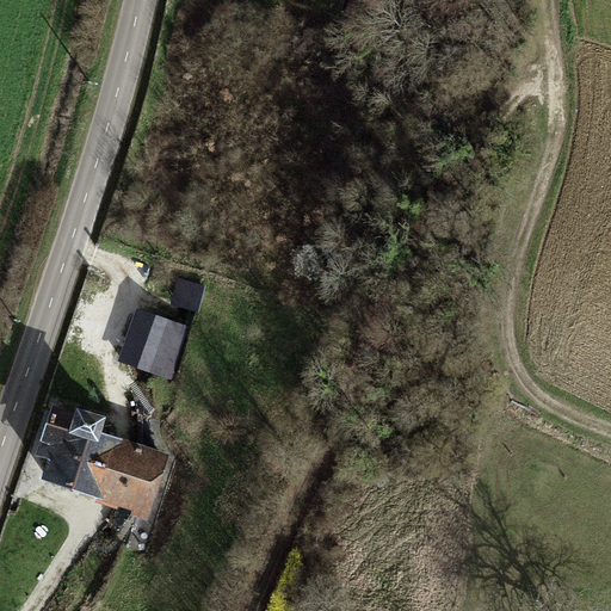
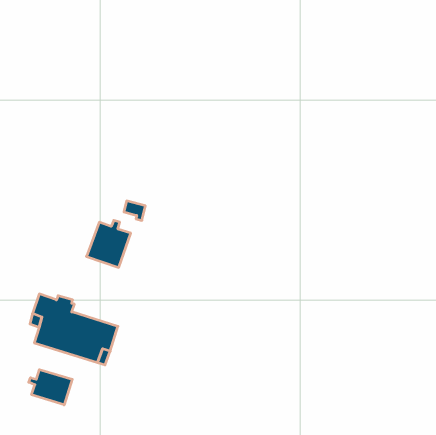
building: none -> [29,370,72,405]

